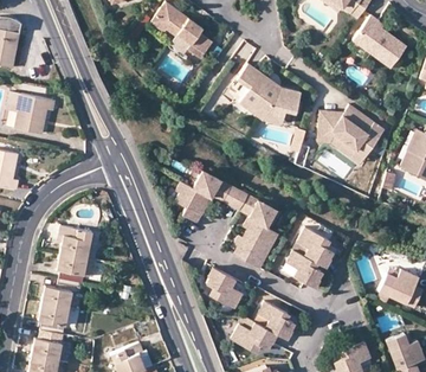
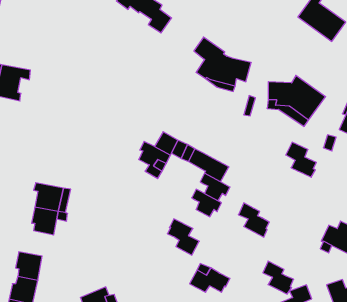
building: [298,226,333,265] -> [286,142,316,177]
building: [43,280,82,308] -> none
building: [260,301,295,338] -> [263,261,294,294]

